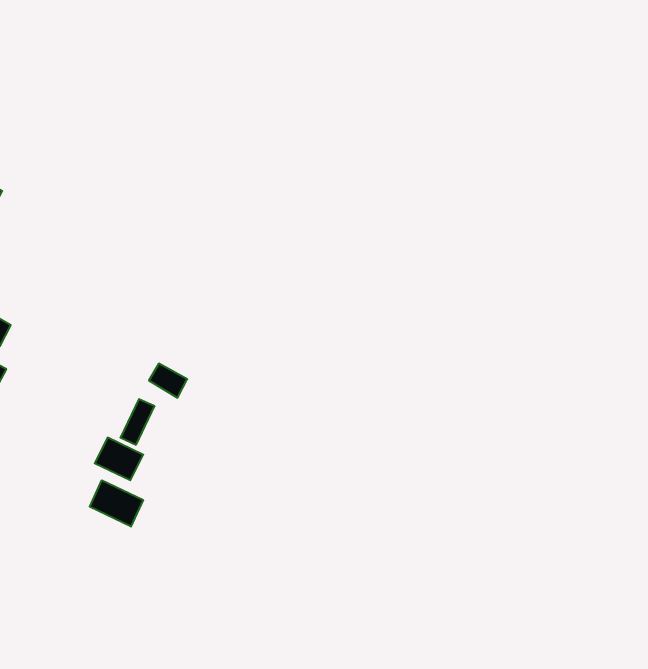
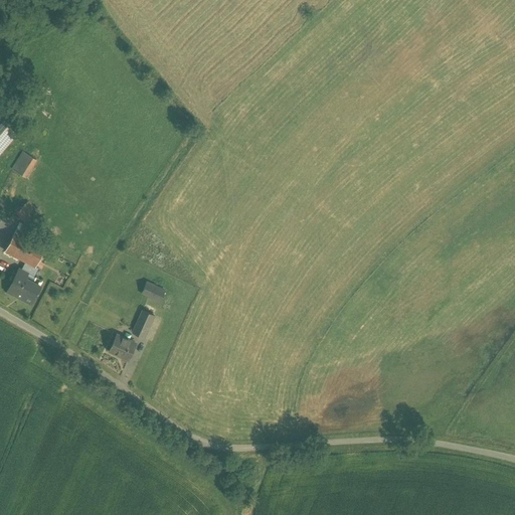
building: [90,480,143,527] -> none

